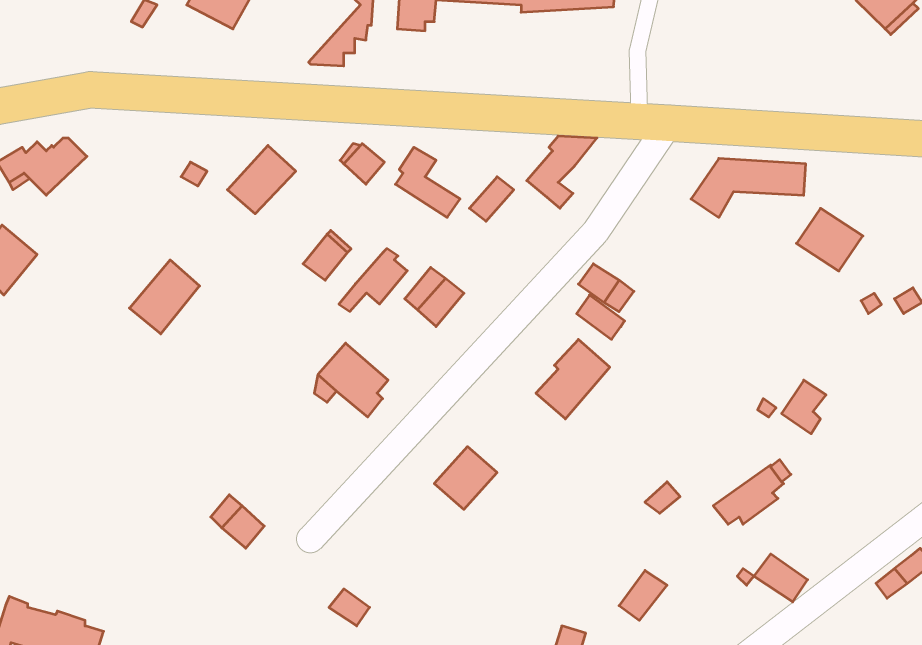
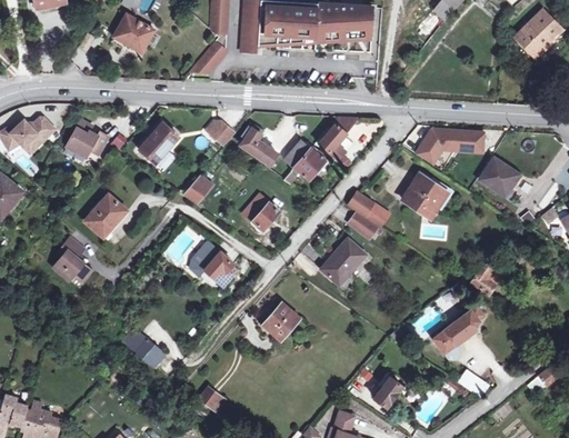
building: none -> [66,120,106,155]
building: none -> [403,177,446,220]
building: [339,249,407,311] -> [283,147,325,185]
building: none -> [52,237,91,281]

